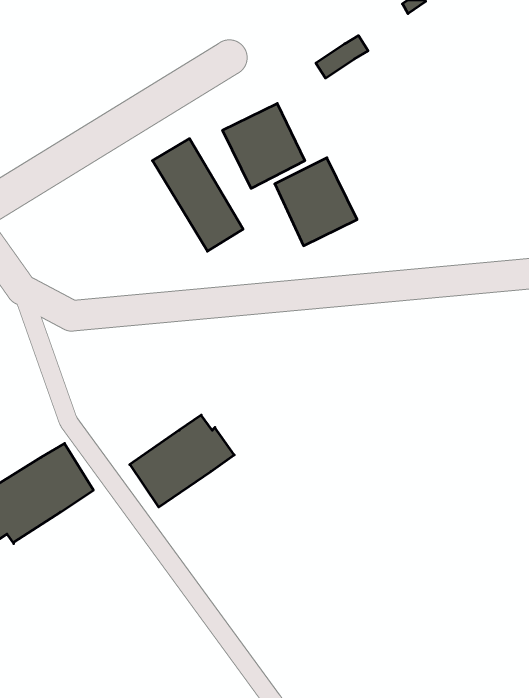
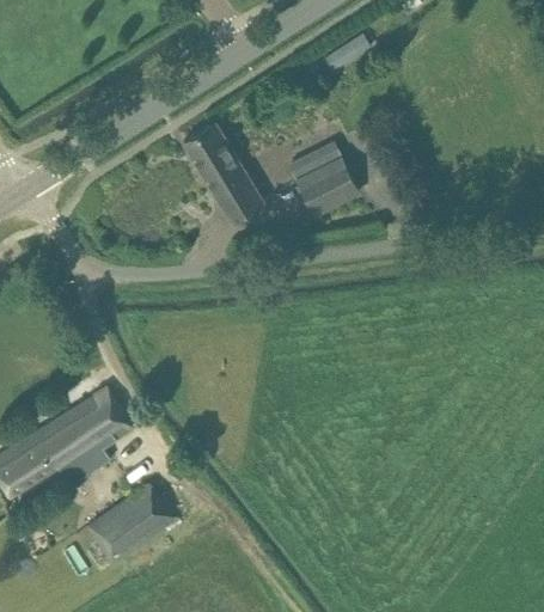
building: [223,103,305,188] -> none
building: [130,415,234,507] -> [86,484,177,564]

